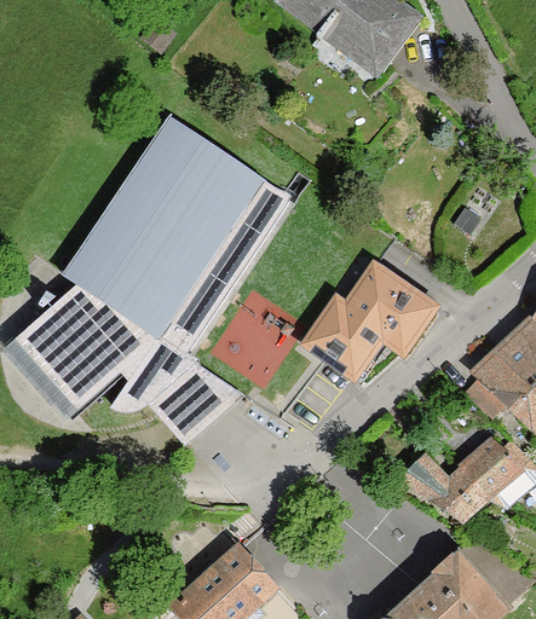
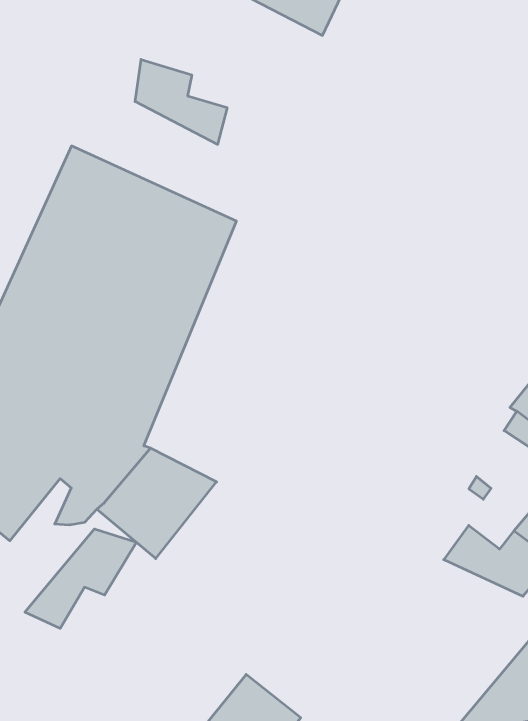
building: none -> [135,59,227,144]
building: [302,271,431,374] -> none
building: none -> [25,529,136,628]

